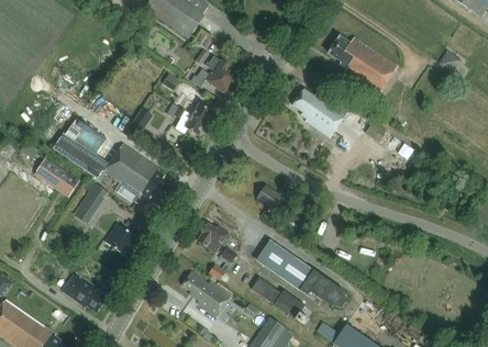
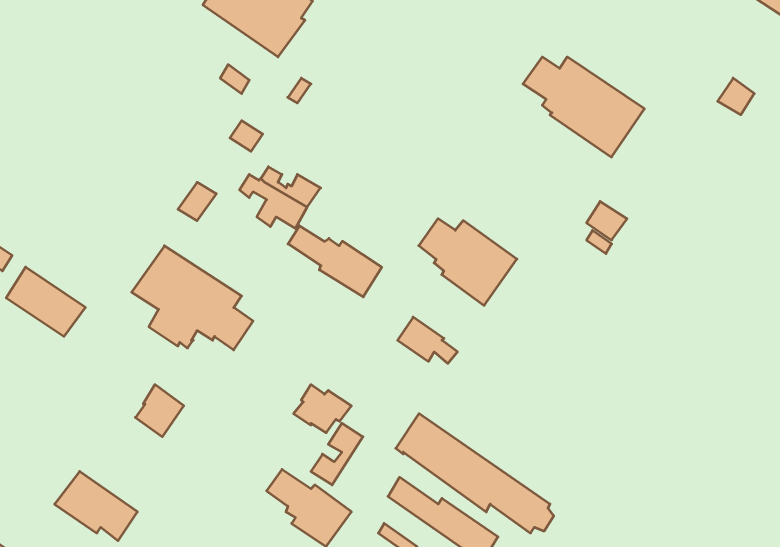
building: [190,55,237,92] -> none
building: [292,89,348,138] -> [419,219,517,305]
building: [52,116,107,178] -> none
building: none -> [288,226,382,297]
building: [71,182,104,222] -> none

